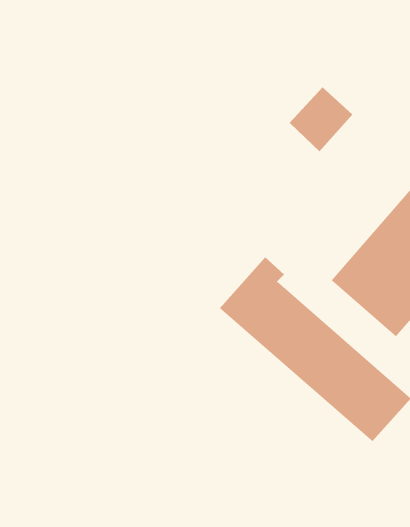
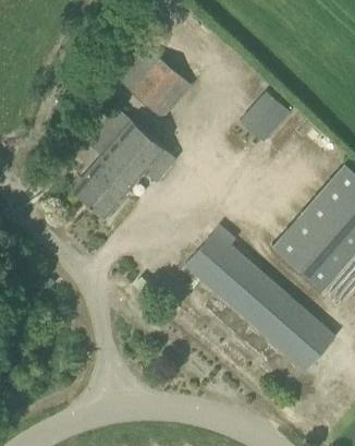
building: none -> [118,48,192,121]
building: none -> [73,112,176,219]

